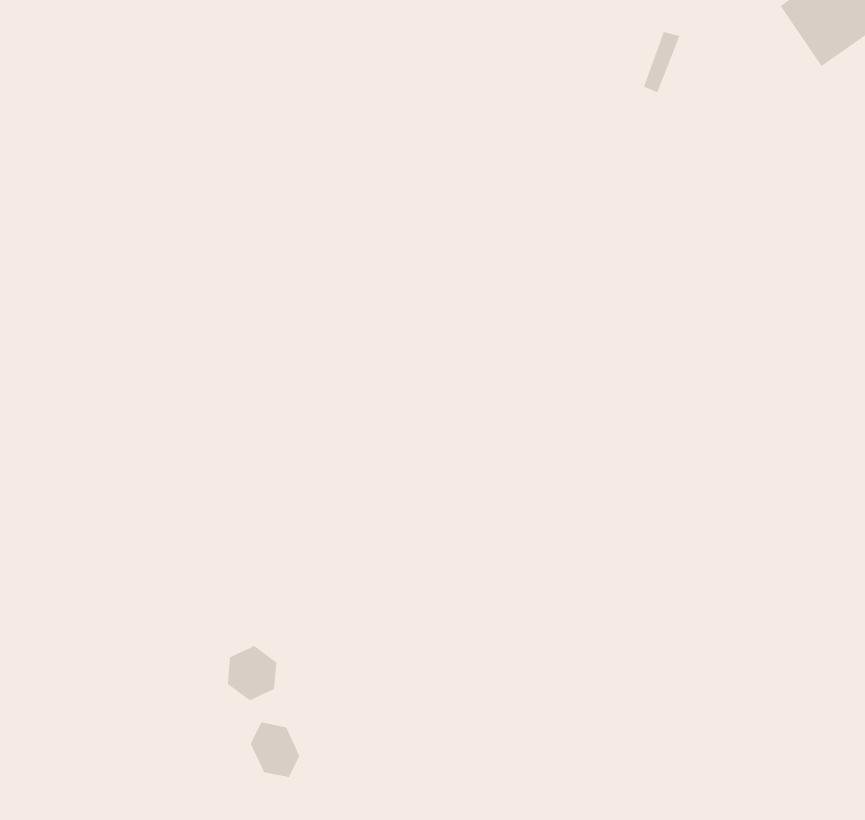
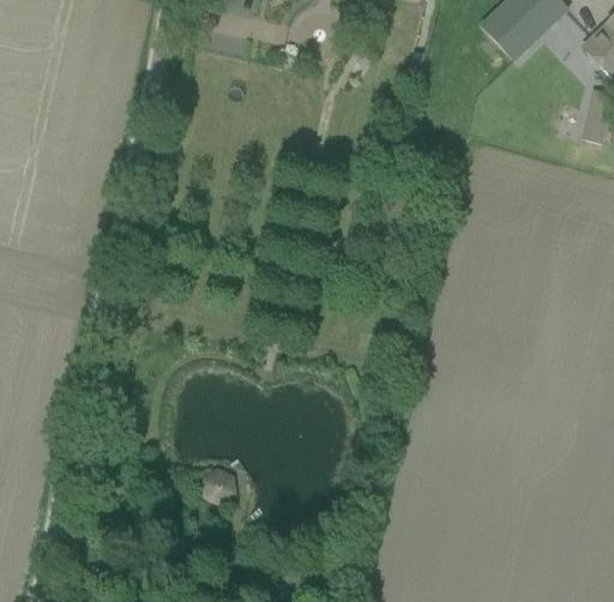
building: [250,722,300,778] -> none

